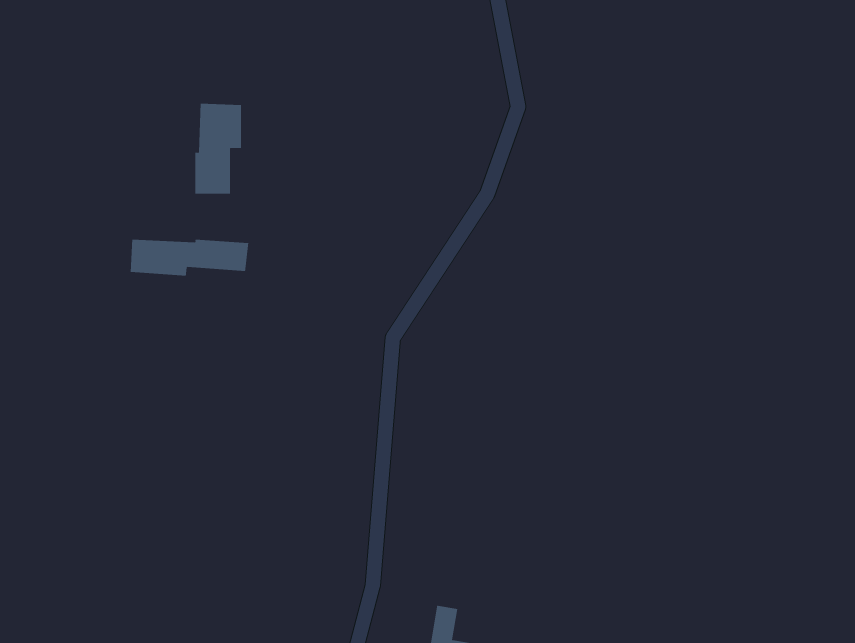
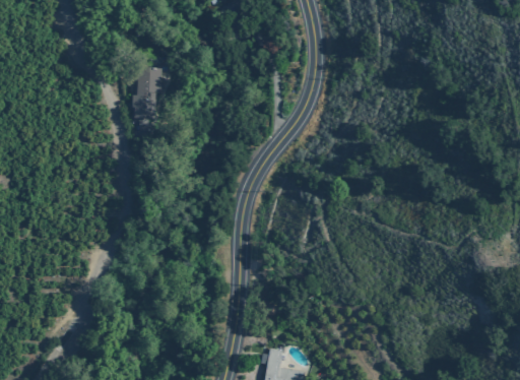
building: [130,239,249,276] -> none

